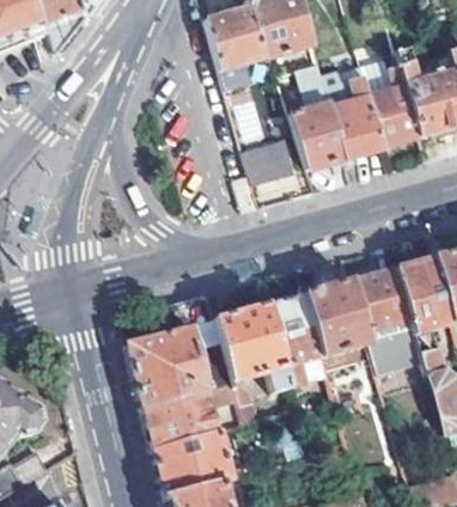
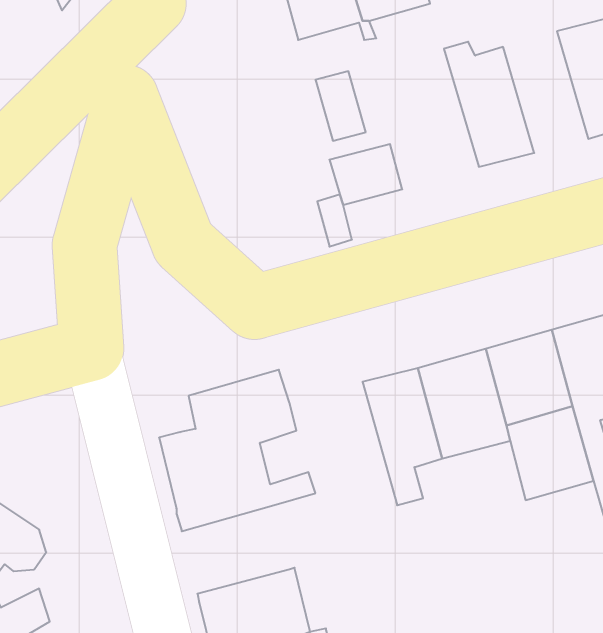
building: [288,63,346,169] -> none
building: [362,63,421,147] -> none
building: [215,305,290,424] -> none
building: [141,390,215,451] -> none

